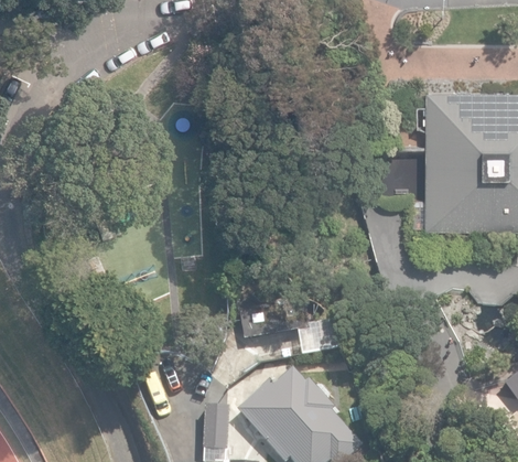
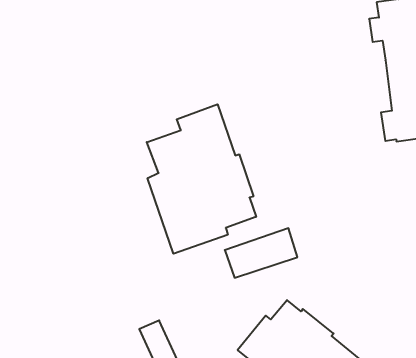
building: none -> [147,104,256,254]

